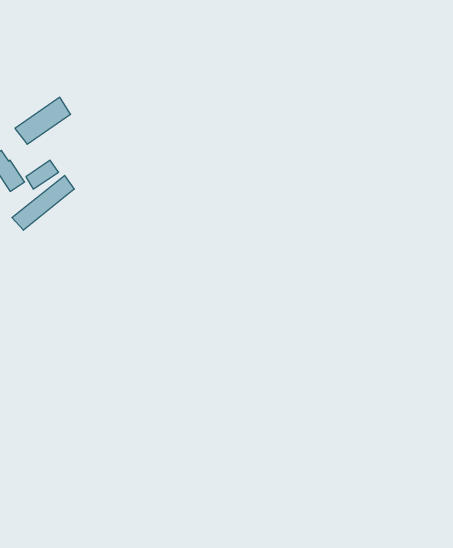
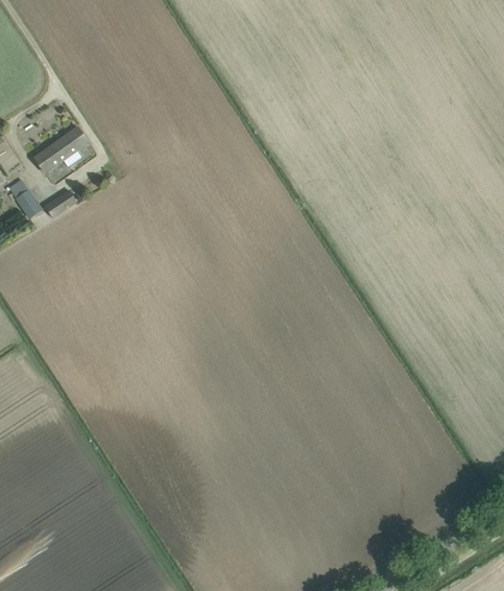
building: [12,175,74,230] -> none

